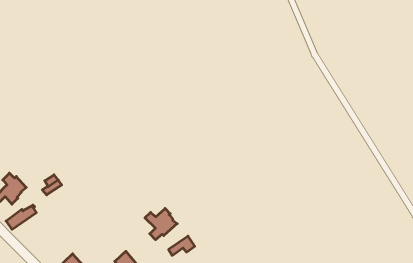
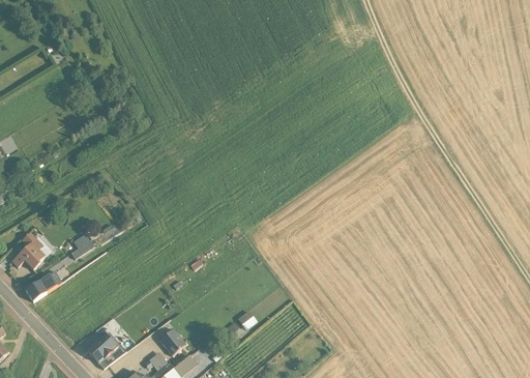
building: [145,208,177,240] -> none

